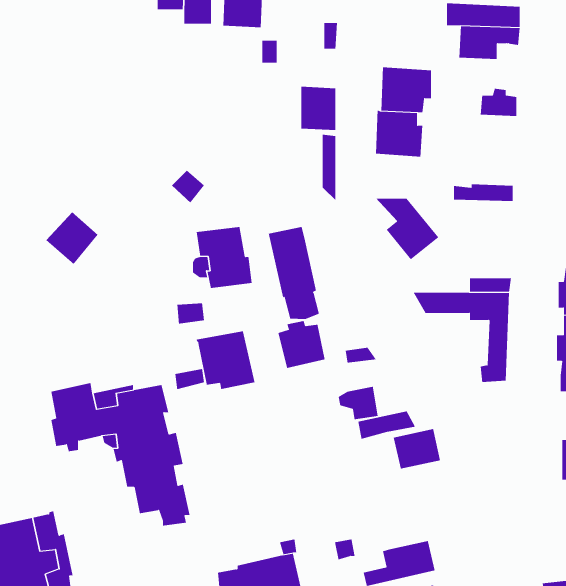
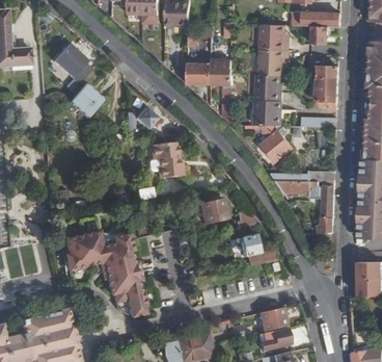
building: none -> [257,23,288,50]
building: none -> [50,45,91,84]
building: none -> [185,58,210,85]
building: none -> [313,76,336,108]
building: none -> [252,99,280,125]
building: [45,212,99,265] -> [67,85,99,117]
building: [268,226,319,320] -> none
building: [195,330,255,390] -> none
building: [393,428,441,469] -> [256,307,284,331]

